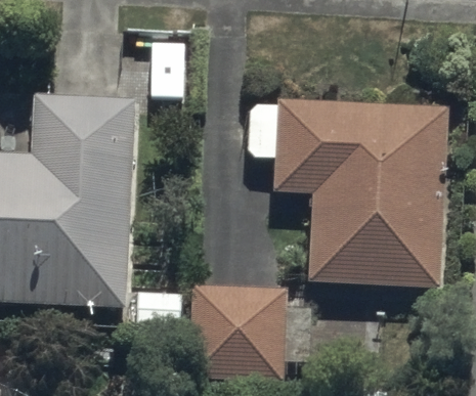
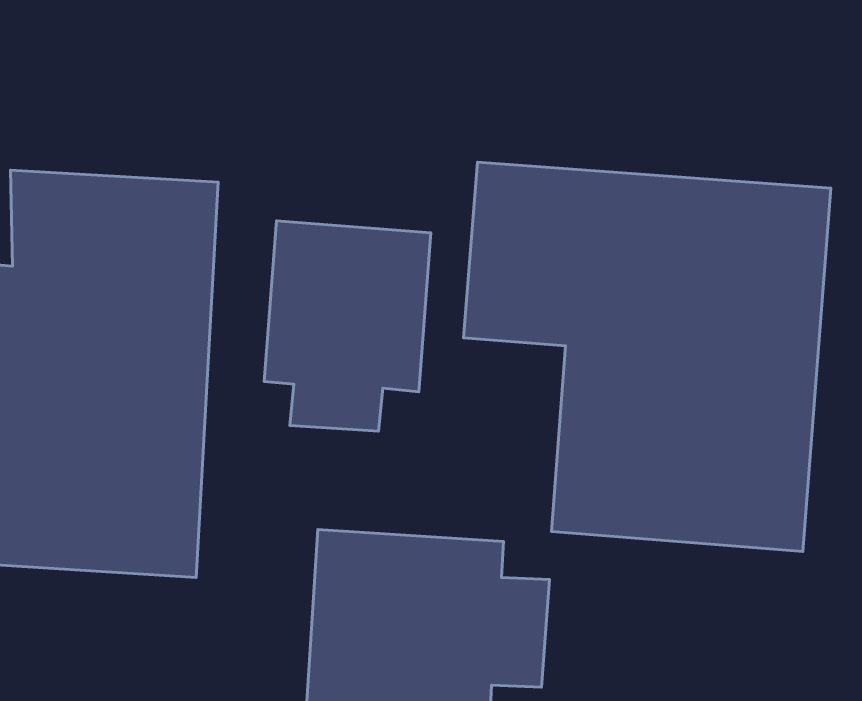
building: none -> [264,221,431,431]

